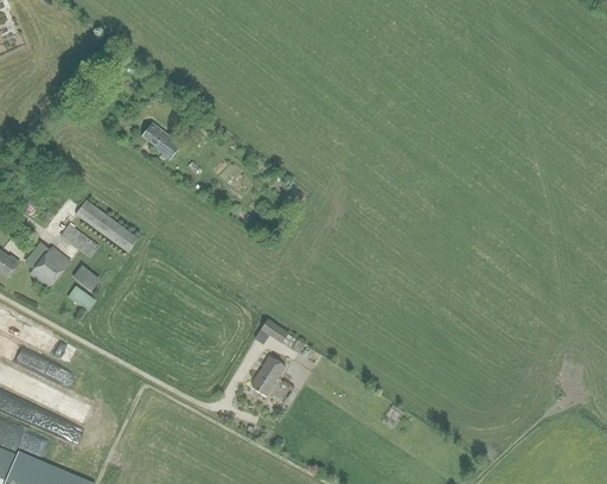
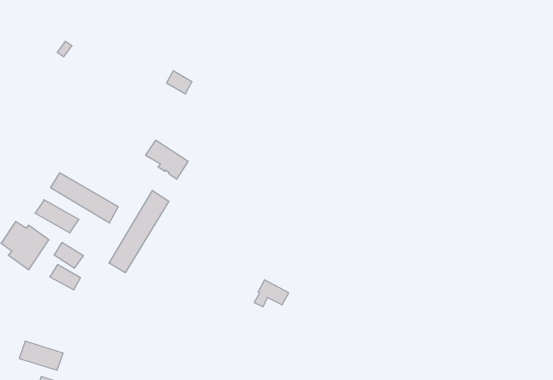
building: [142,122,181,160] -> [146,140,188,179]
building: none -> [109,190,169,273]
building: [253,356,286,396] -> none

